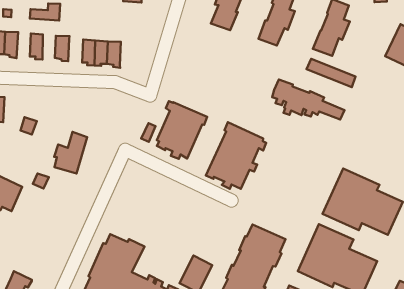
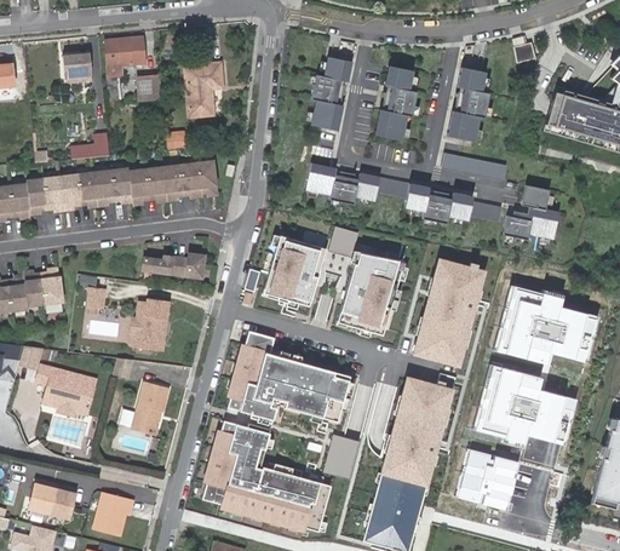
building: none -> [61,177,81,212]
building: none -> [93,174,114,208]
building: none -> [128,173,150,208]
building: none -> [196,167,218,201]
building: none -> [305,162,409,207]
building: none -> [504,185,559,240]
building: none -> [326,224,356,256]
building: none -> [148,256,211,280]
building: none -> [414,259,484,366]
building: none -> [228,331,354,424]
building: none -> [132,381,170,434]

